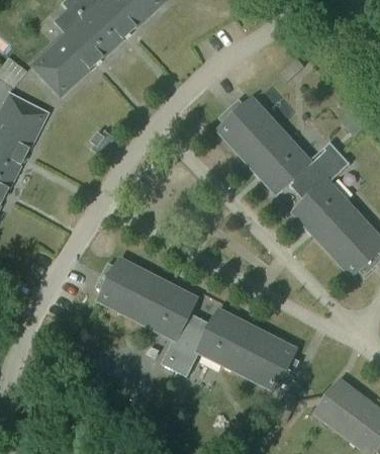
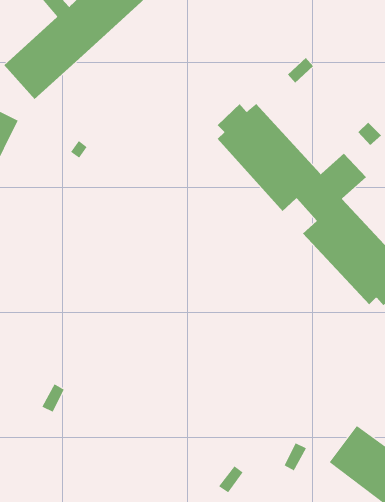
building: [95,258,300,390] -> none

